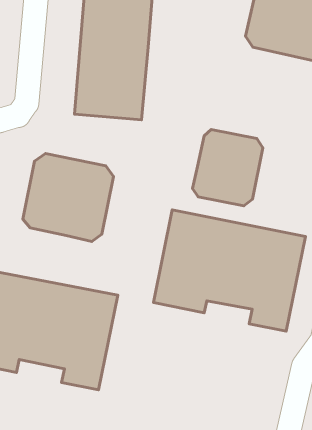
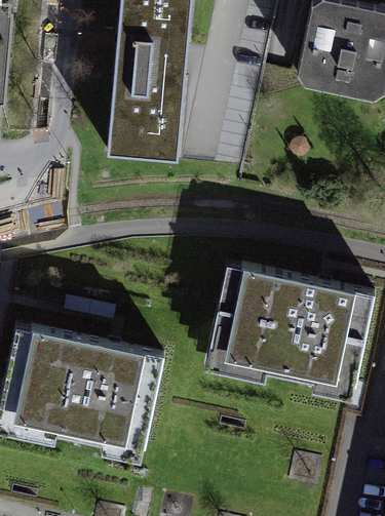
building: [192,129,263,206] -> none
building: [23,154,113,242] -> none

